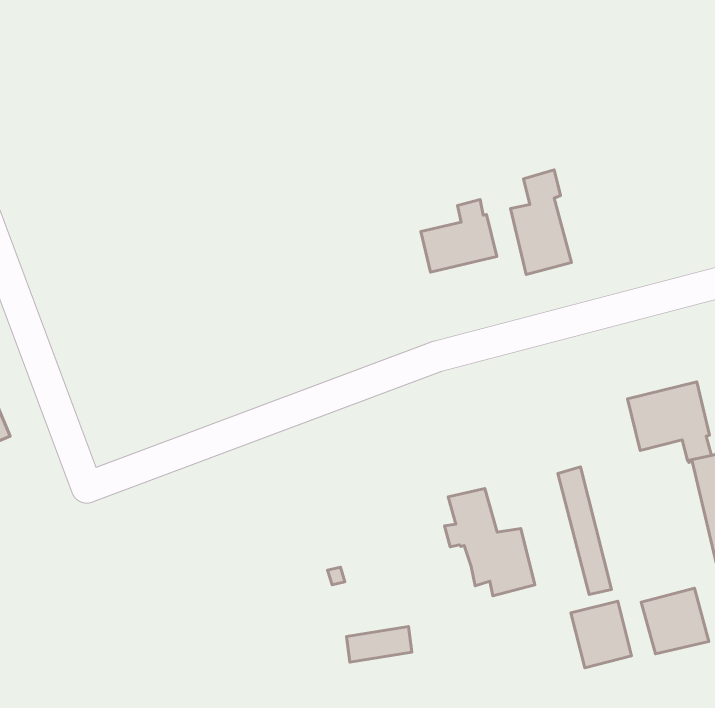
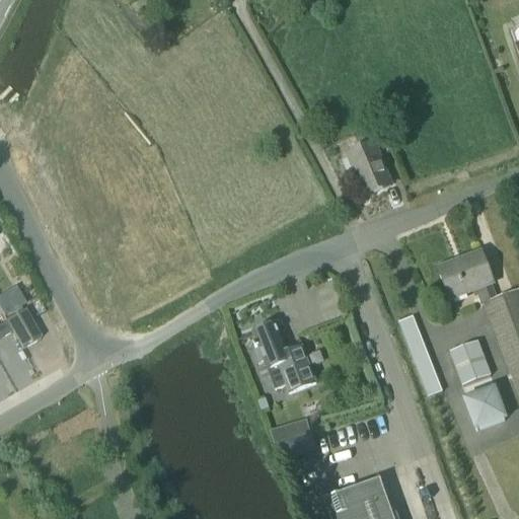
building: [421,199,497,272] -> none
building: [445,488,535,596] -> [252,321,315,390]
building: [571,601,632,668] -> [449,339,492,384]

